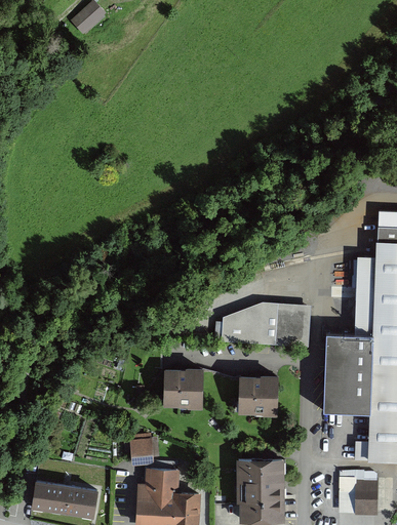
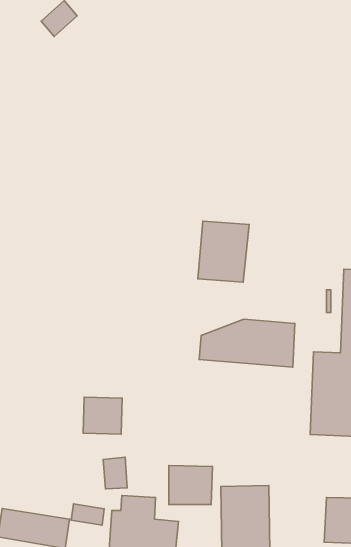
building: none -> [198,221,249,282]
building: [164,371,201,406] -> [83,397,122,434]
building: [239,376,280,413] -> [169,465,212,505]
building: none -> [71,504,104,525]

